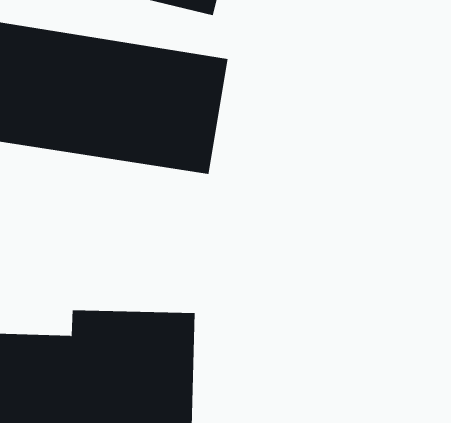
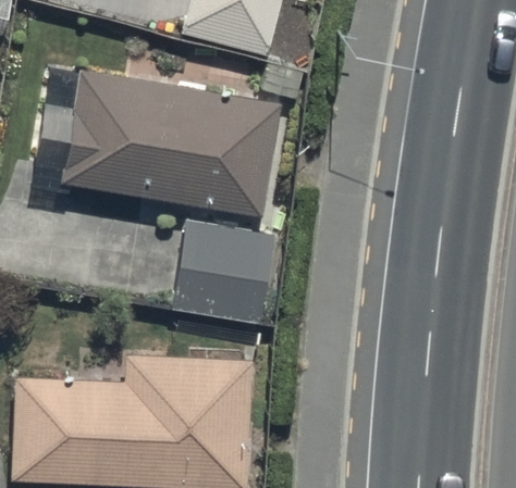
building: none -> [172,218,275,323]

